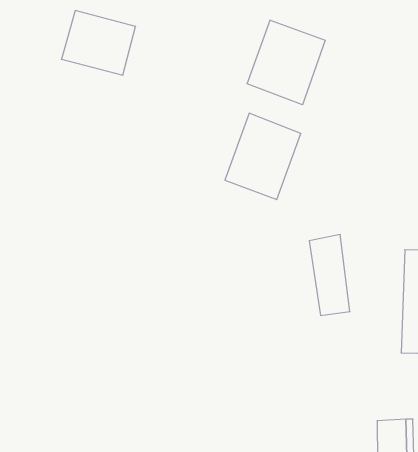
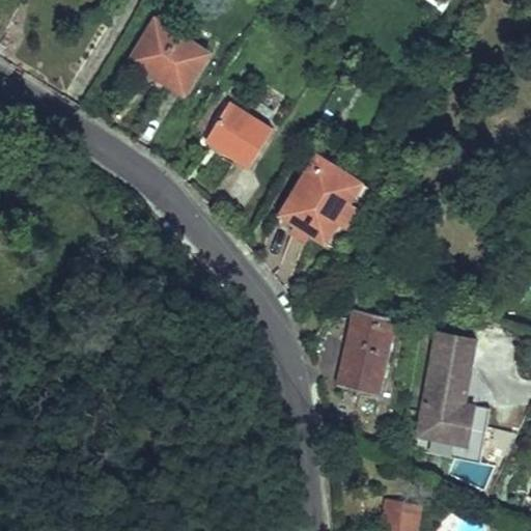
building: [247,20,325,105] -> none
building: none -> [206,101,274,169]

